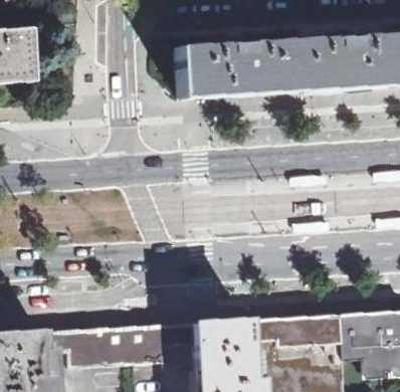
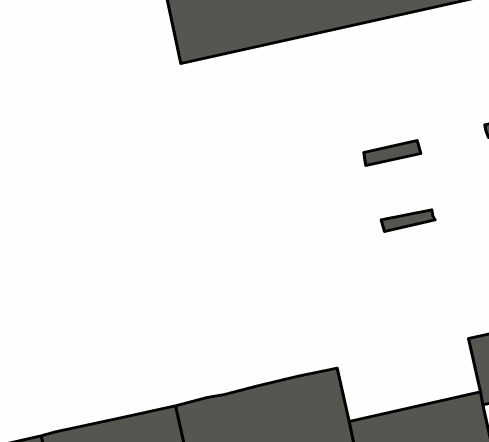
building: [250,314,344,356] -> none

